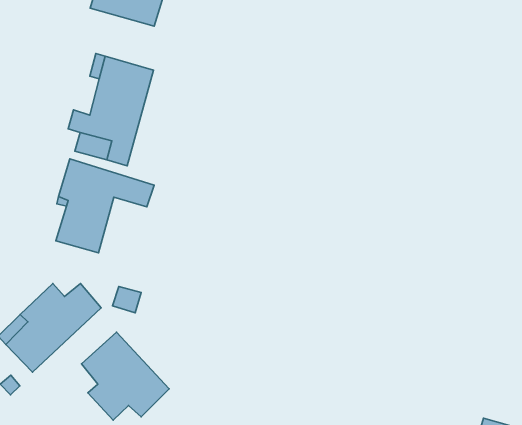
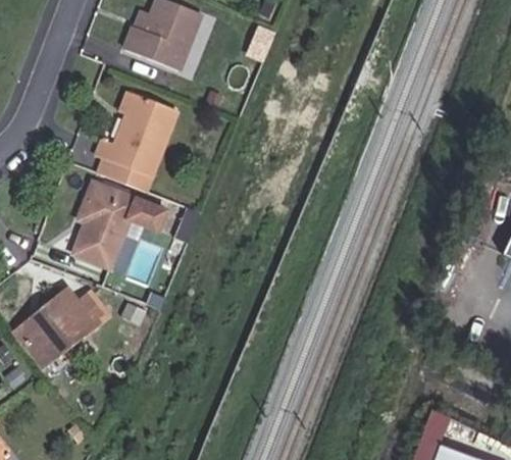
building: [81,332,169,420] -> none

